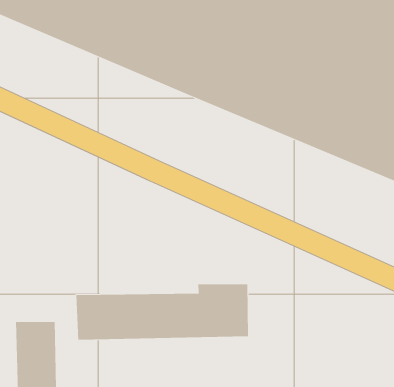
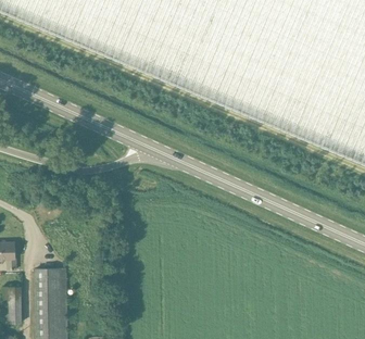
building: [76,283,248,340] -> none

